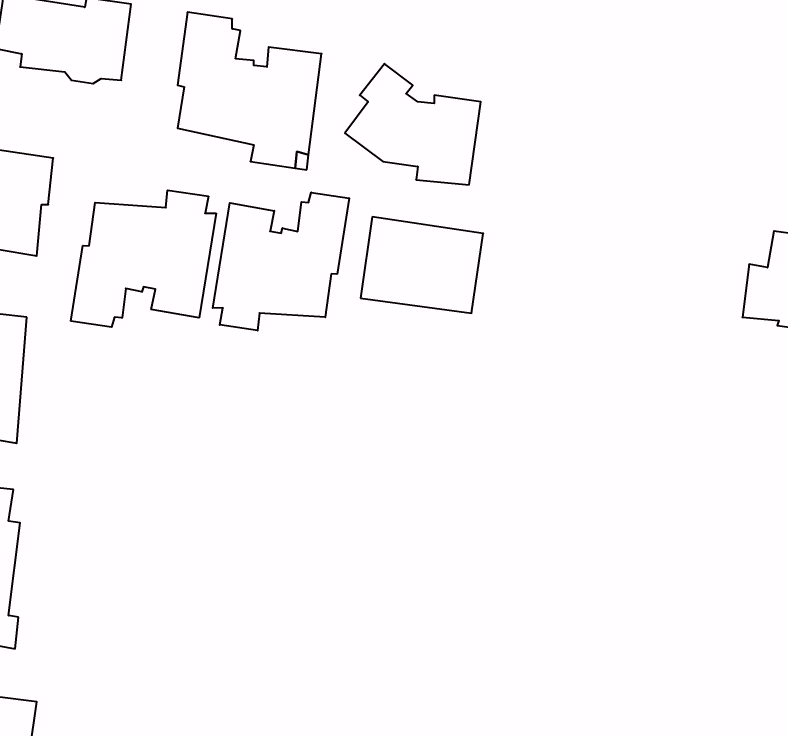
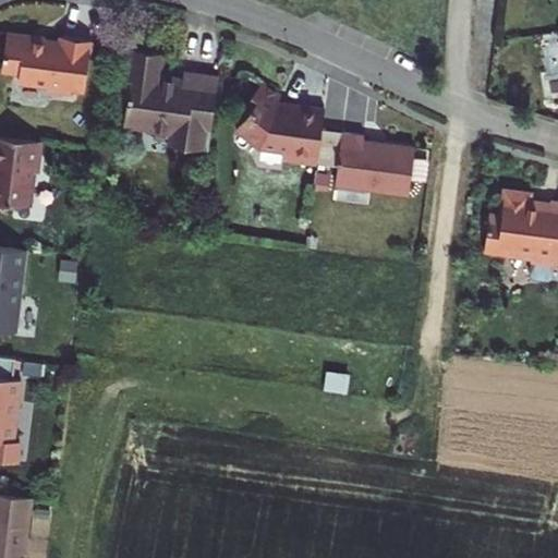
building: [71,190,216,327] -> none
building: [213,192,349,331] -> none
building: [361,217,483,313] -> [331,133,412,196]

